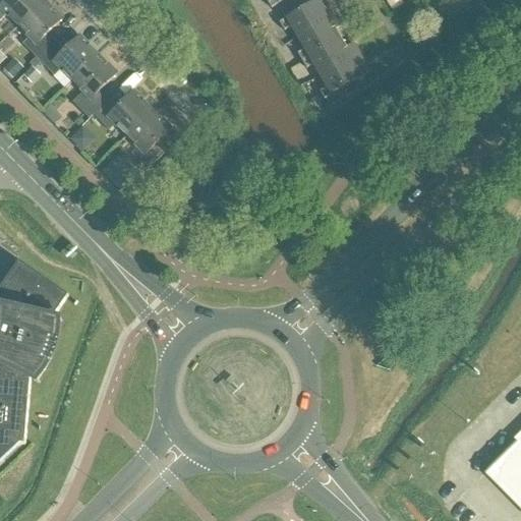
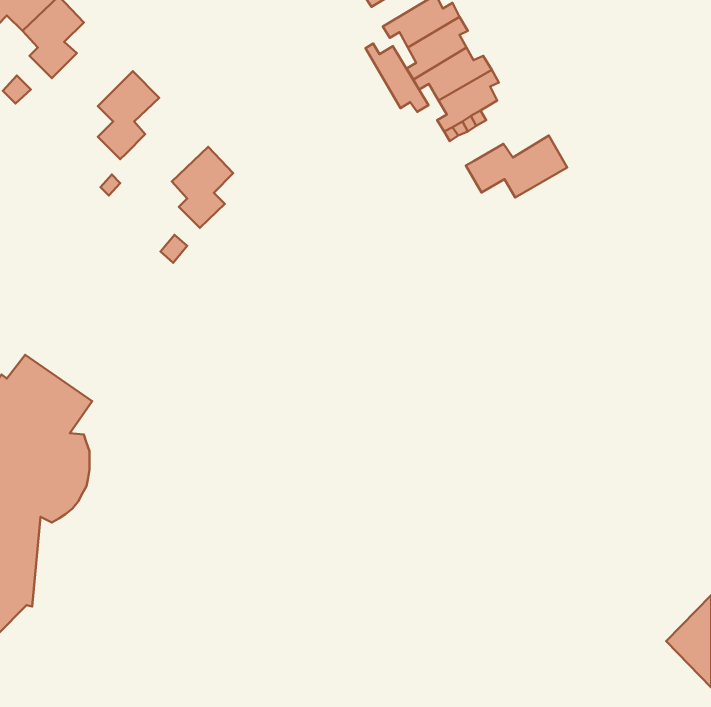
building: none -> [365,43,429,112]
building: [38,34,97,77] -> none
building: [92,89,152,132] -> none
building: none -> [466,136,567,198]

